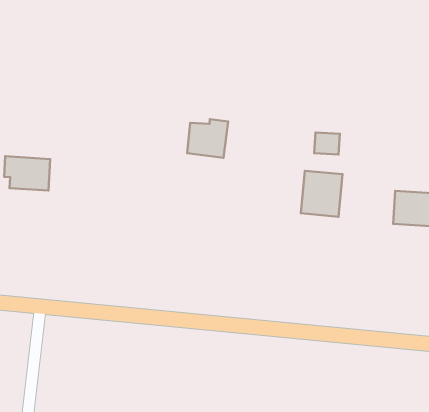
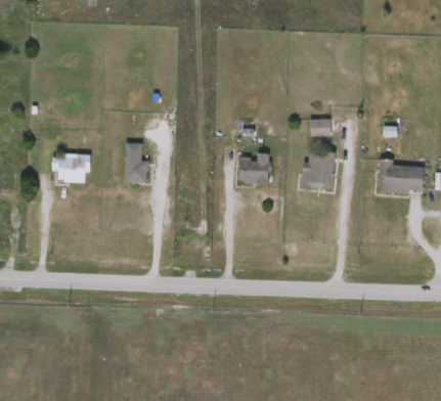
building: [187,119,228,158] -> [238,152,271,184]
building: none -> [124,142,148,183]

